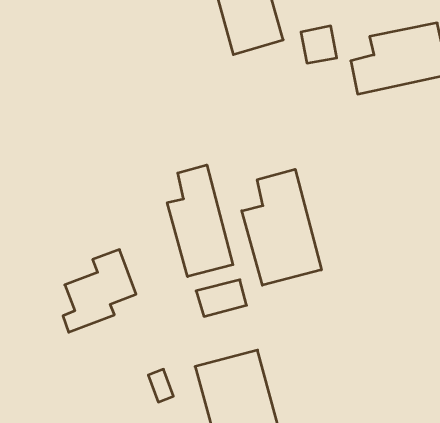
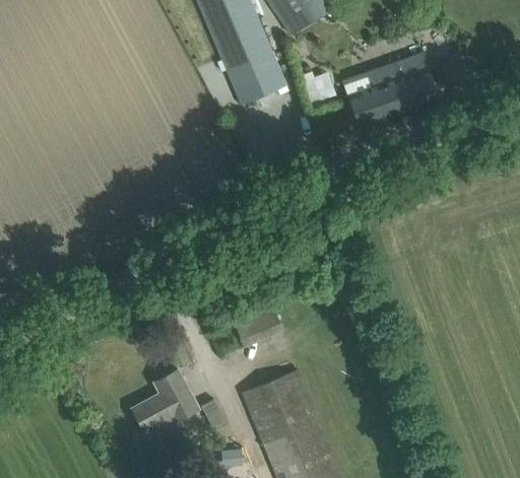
building: [167,165,233,277] -> none
building: [242,169,321,285] -> none
building: [63,250,136,332] -> [132,368,198,450]

